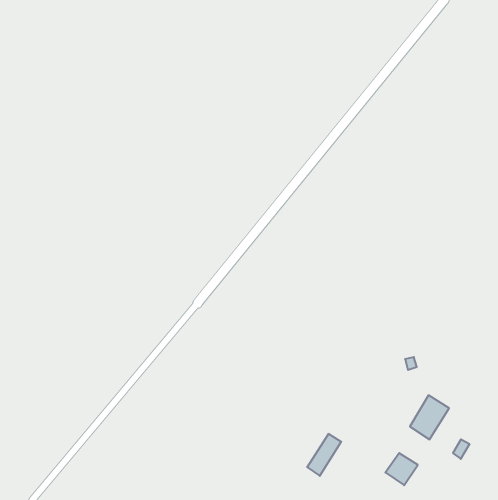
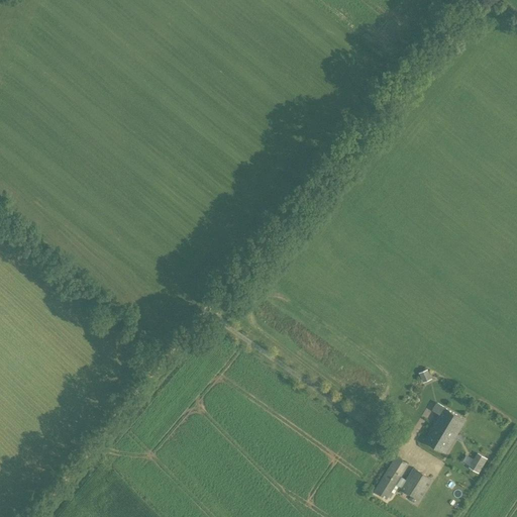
building: [307,434,341,476] -> [372,456,407,500]

